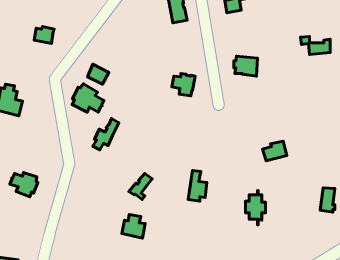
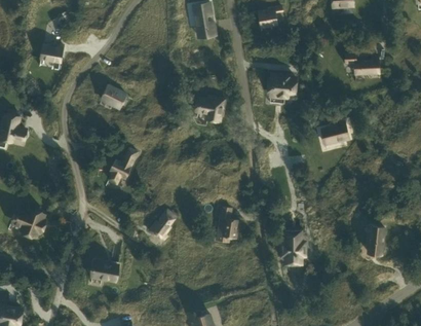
building: [72,84,104,112] -> none
building: [263,141,287,161] -> [320,121,348,144]
building: [122,215,145,238] -> [90,254,117,281]

